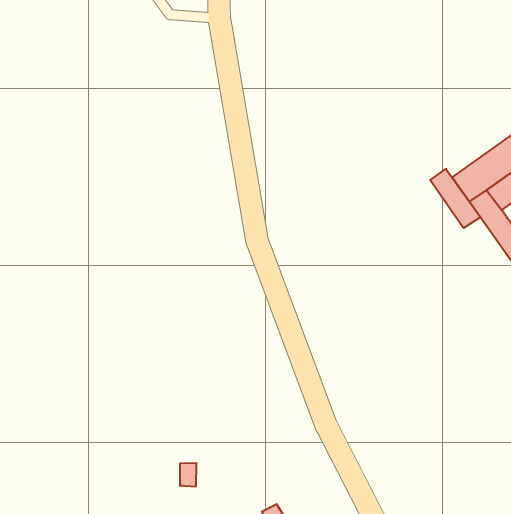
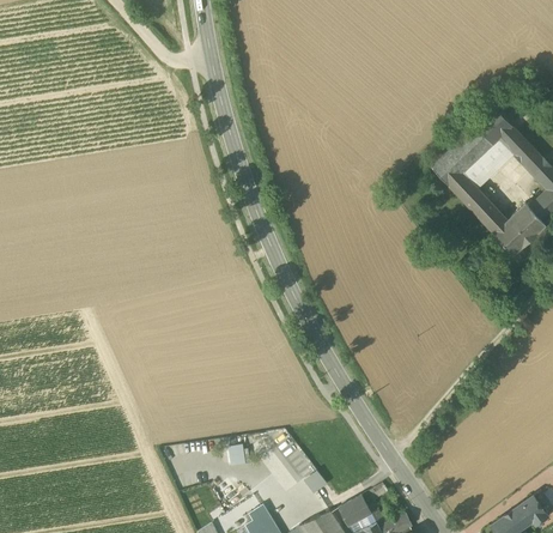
building: [430,169,480,228] -> none

